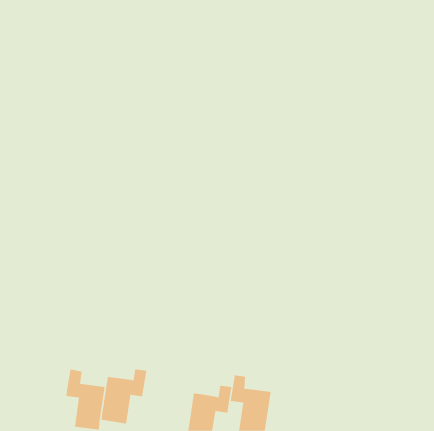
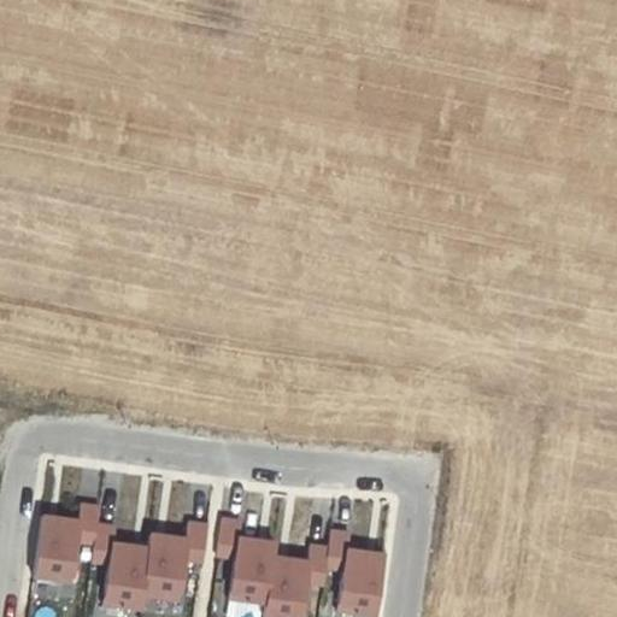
building: none -> [35,505,101,582]
building: none -> [218,518,275,605]

